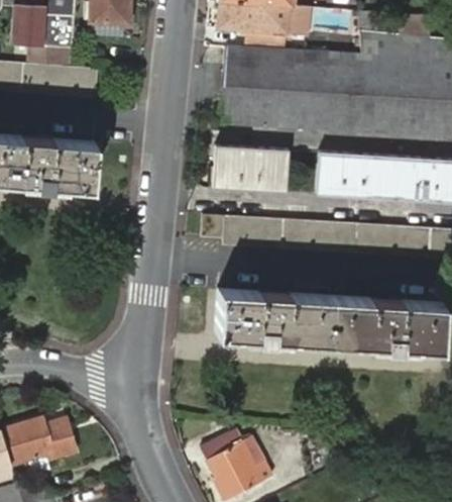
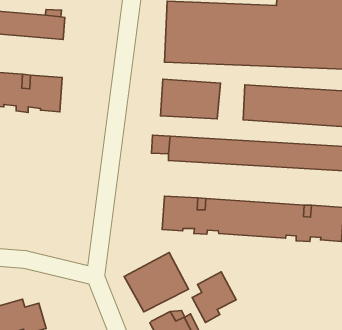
building: none -> [124,252,188,312]
building: none -> [192,272,236,322]

